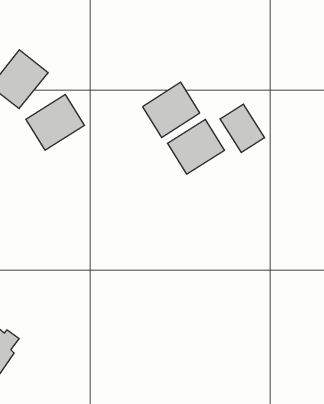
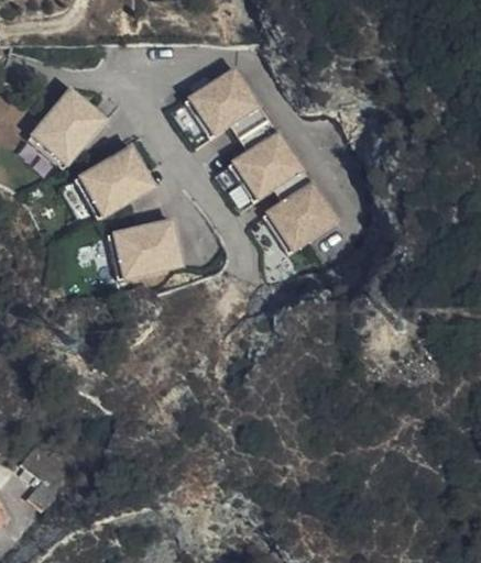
building: none -> [185,66,261,140]
building: [220,104,265,153] -> none
building: none -> [110,218,181,278]

